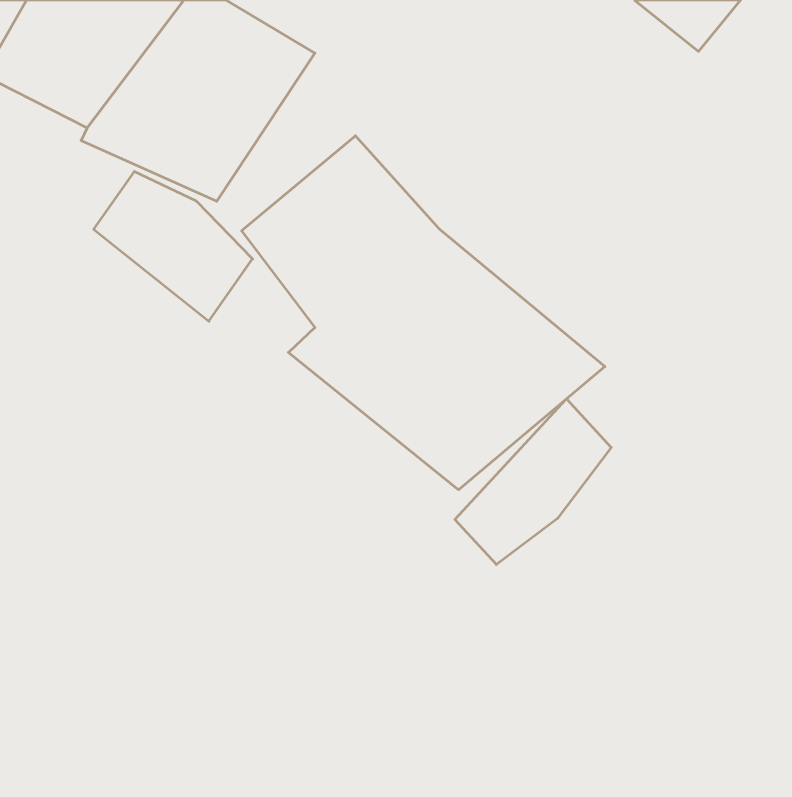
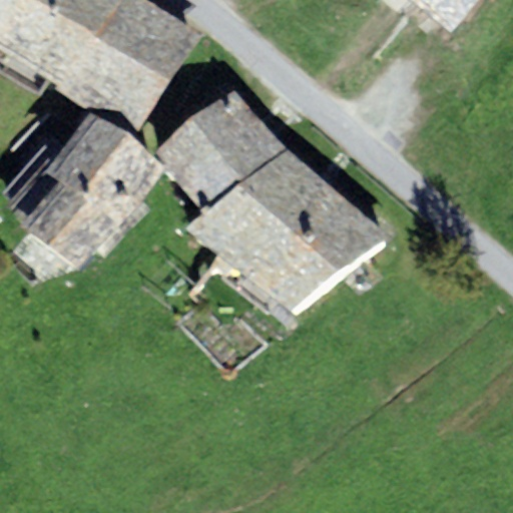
building: none -> [5,139,134,267]
building: [455,399,611,565] -> none

